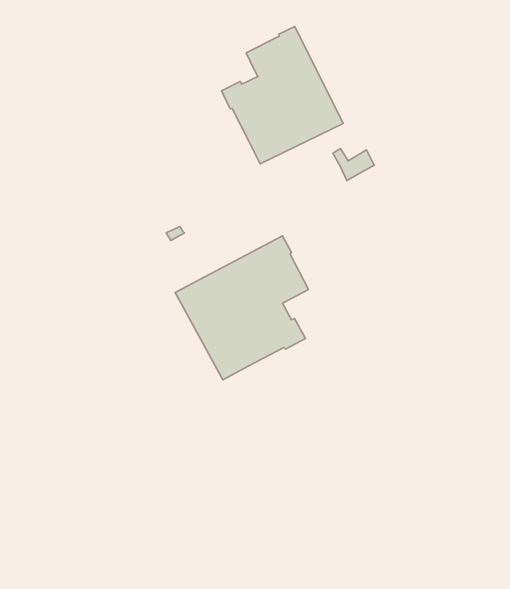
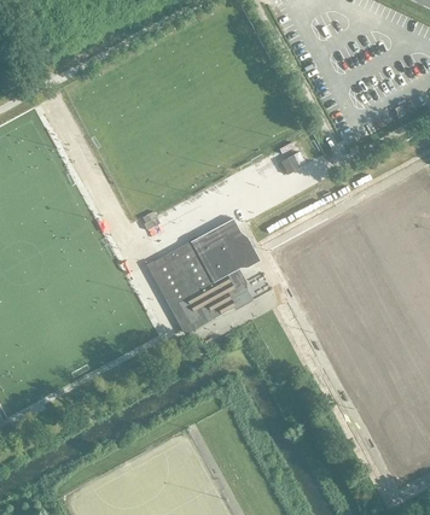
building: [221,26,343,164] -> none

